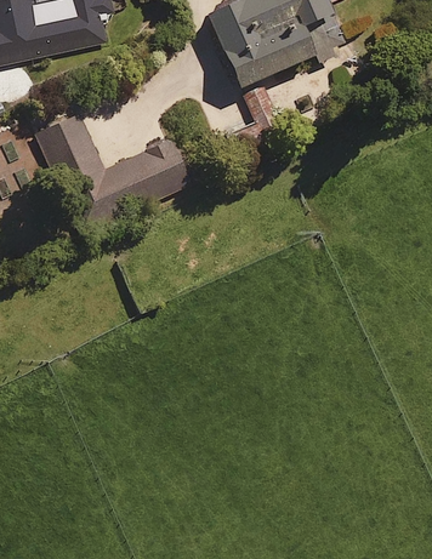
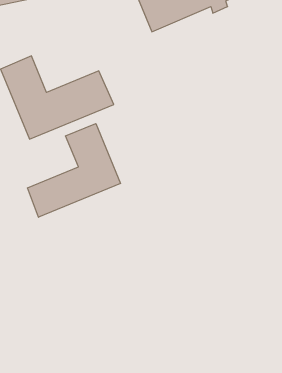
building: none -> [27,124,120,217]

